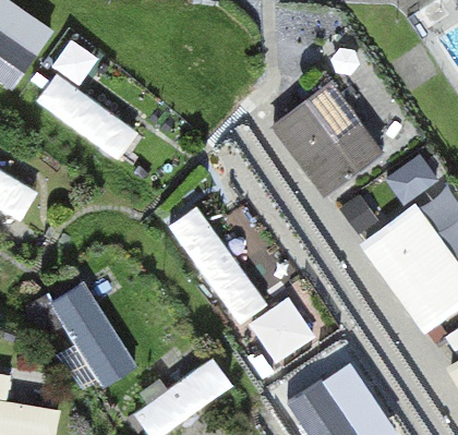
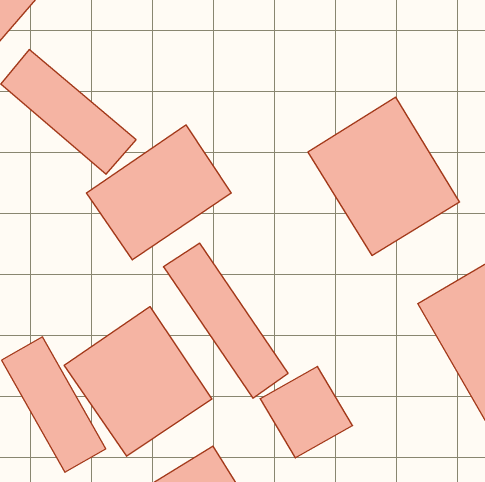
building: none -> [86,125,231,260]
building: none -> [64,307,212,456]

